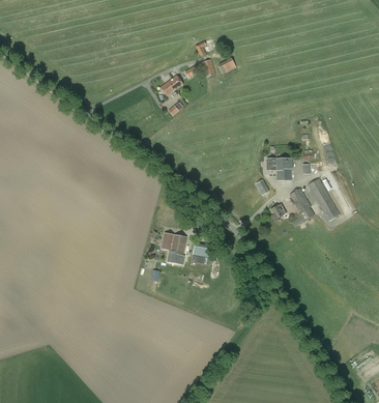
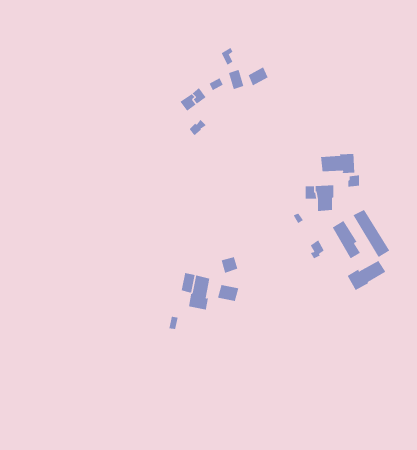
building: none -> [320,153,355,174]
building: none -> [347,260,386,291]

